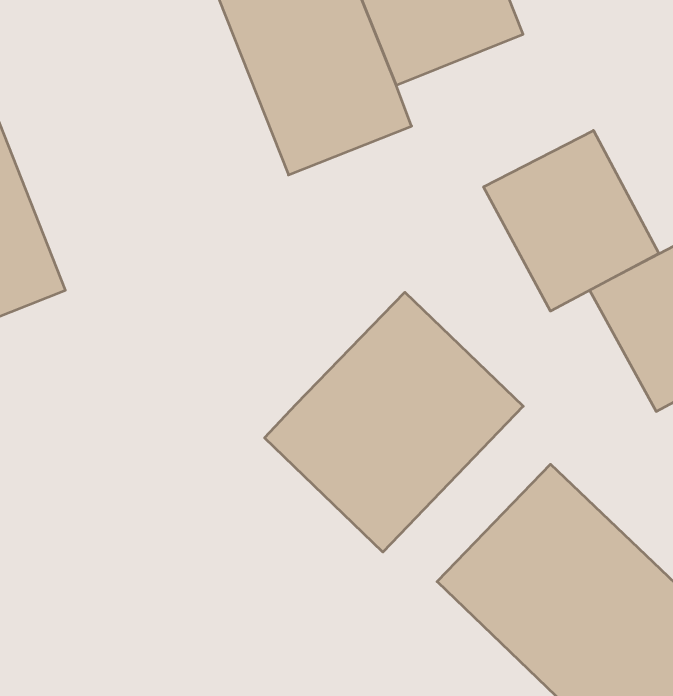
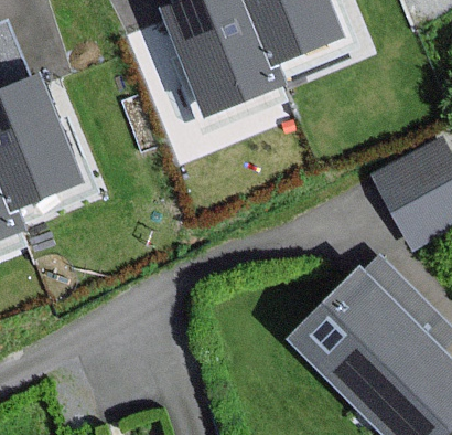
building: [484,130,659,311] -> none
building: [265,292,523,552] -> none

